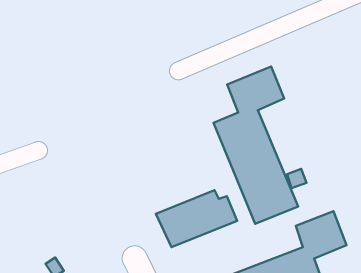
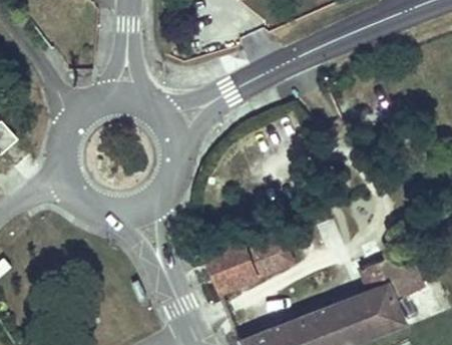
building: [214,66,298,224] -> none

